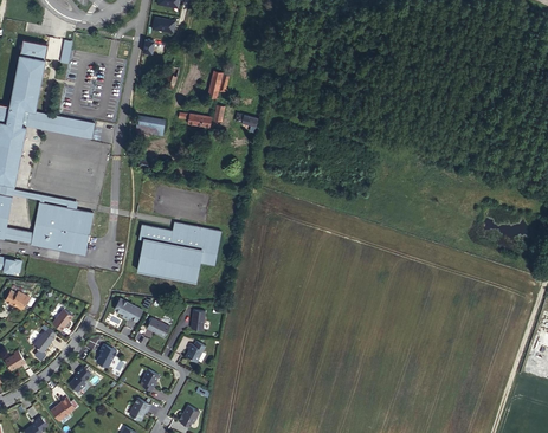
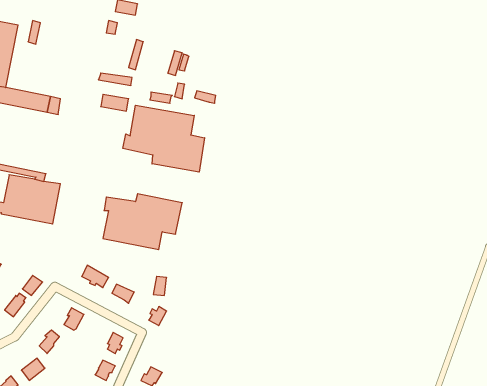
building: none -> [123,105,205,172]

